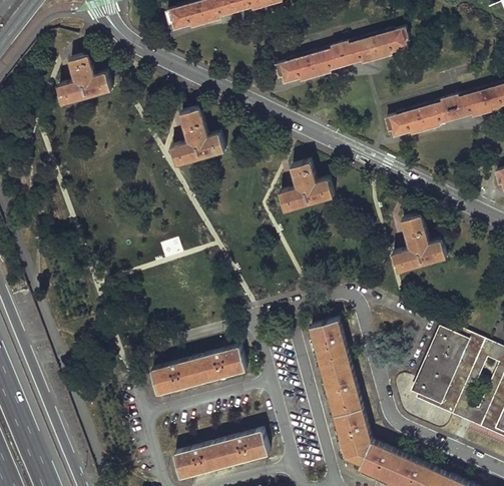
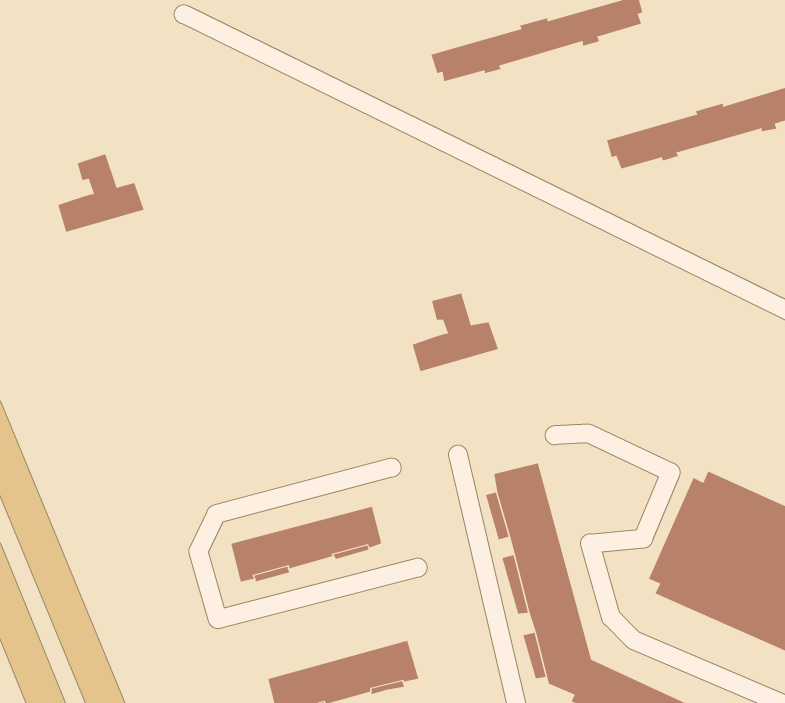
building: [56,54,110,103] -> [58,153,145,232]
building: [168,108,223,165] -> none
building: [278,161,332,210] -> [412,293,499,372]
building: [391,214,445,272] -> none

